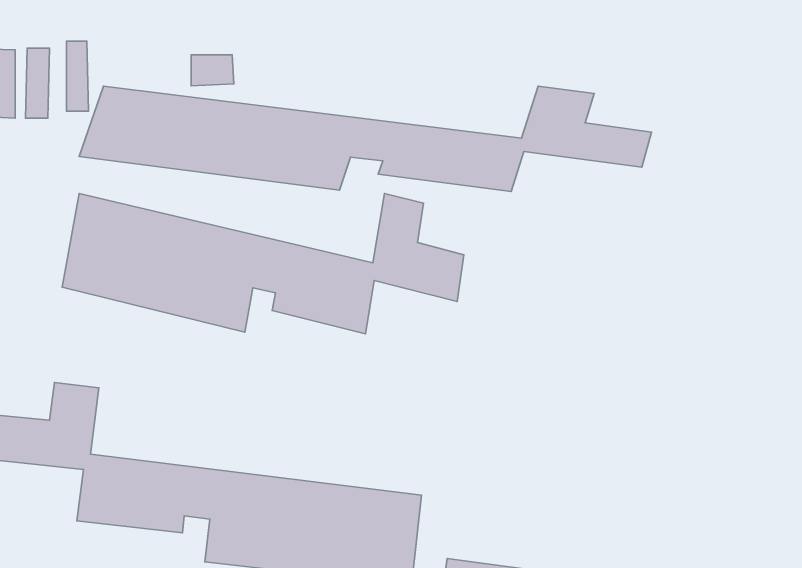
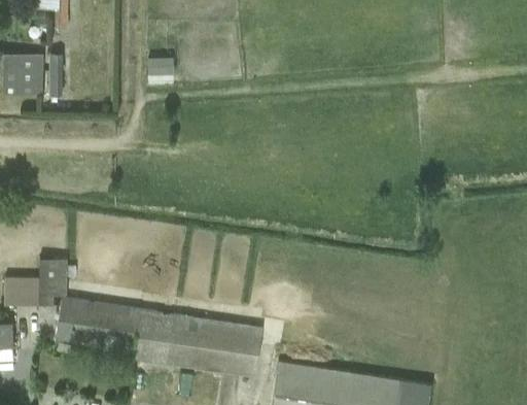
building: [79,86,651,192] -> none
building: [62,193,464,334] -> none

